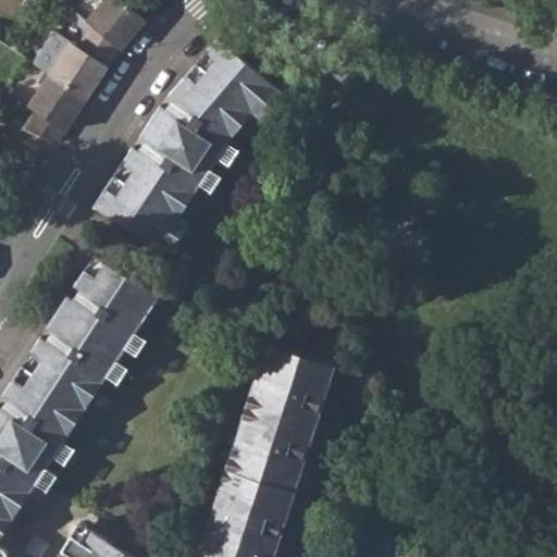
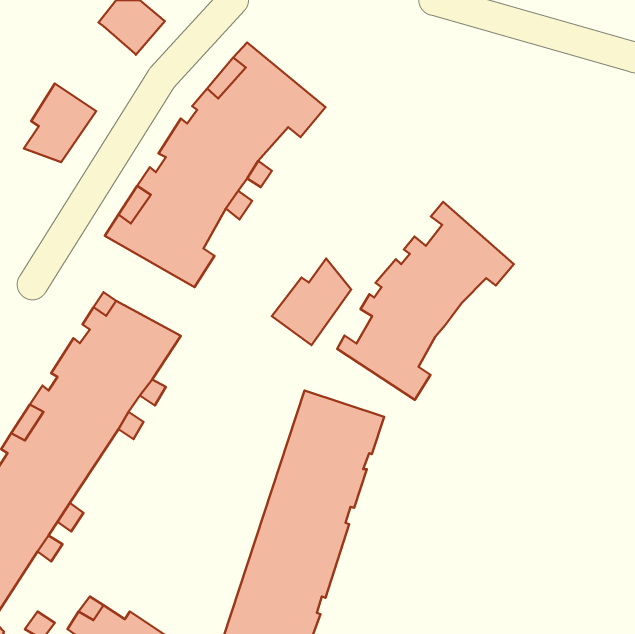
building: [30,26,117,100] -> none
building: none -> [337,202,514,400]
building: none -> [272,259,351,345]

